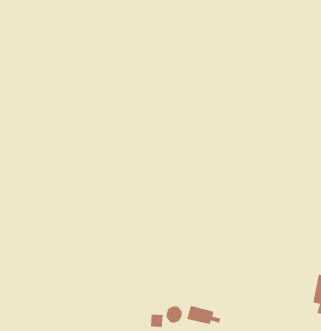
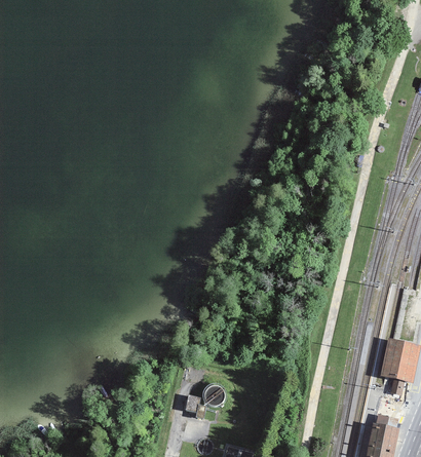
building: [186,305,221,325] -> none

